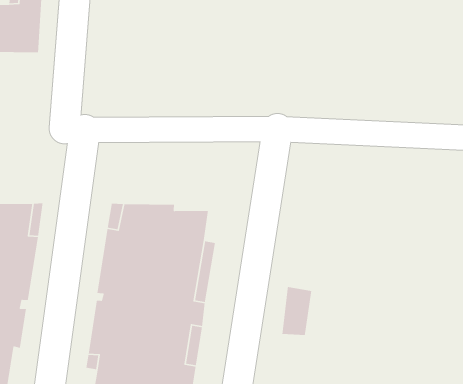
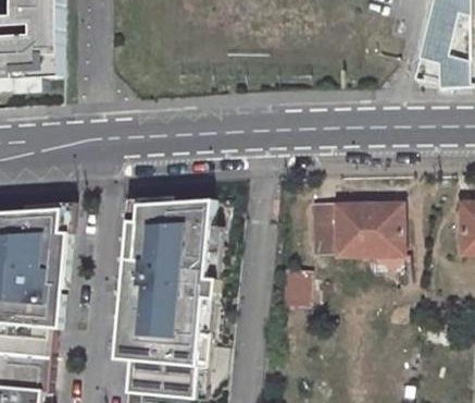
building: none -> [308,205,399,256]

